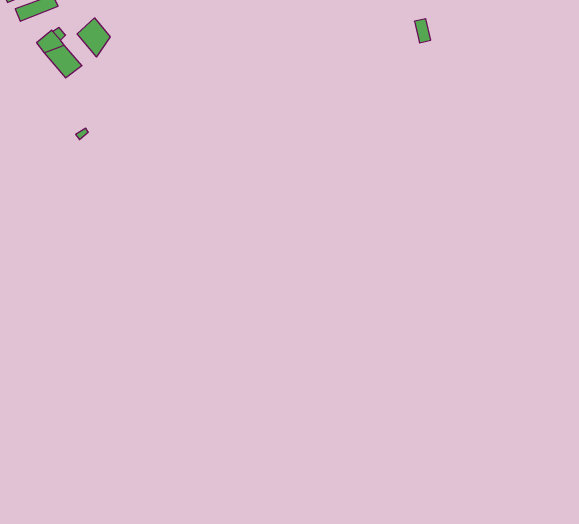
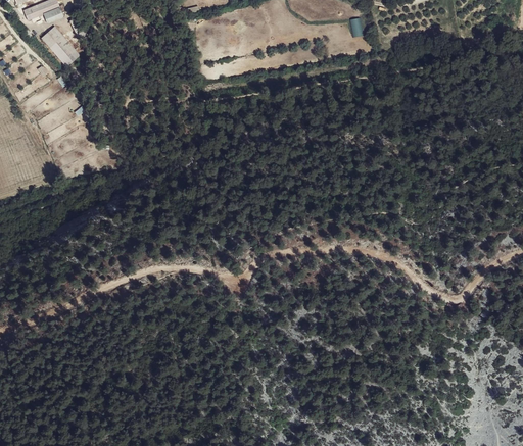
building: [77,18,110,57] -> none

